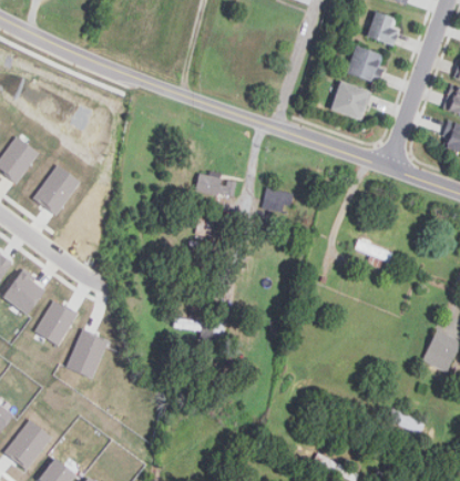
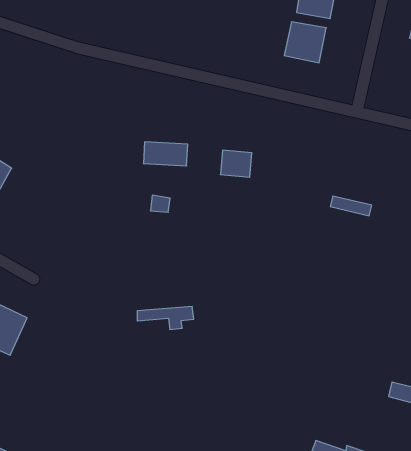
building: [67,332,104,376] -> none

